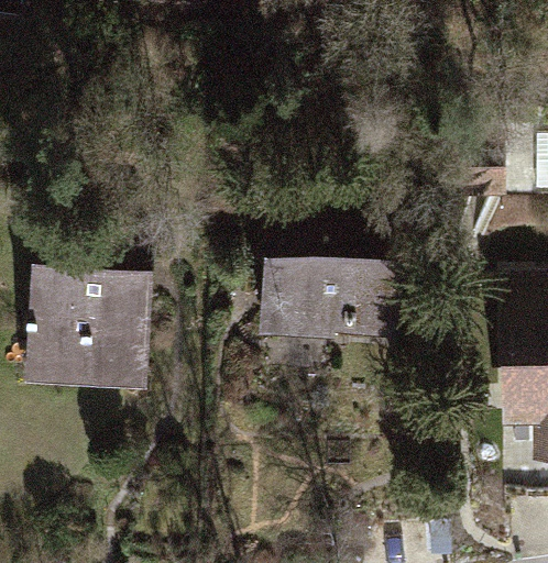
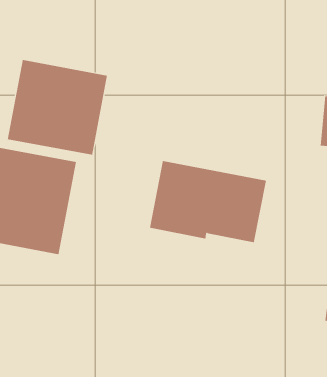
building: none -> [7,59,108,156]

